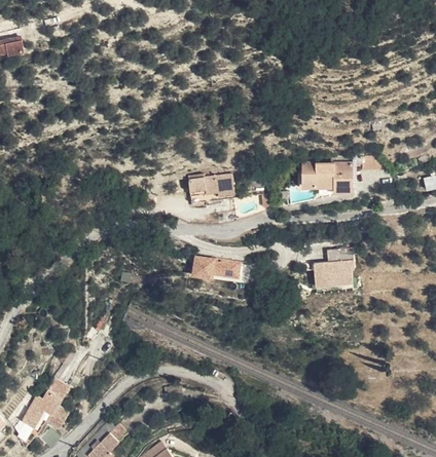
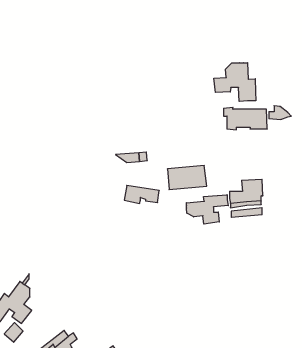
building: none -> [214,63,256,101]
building: [190,177,238,205] -> [167,166,207,190]
building: none -> [186,195,228,224]

